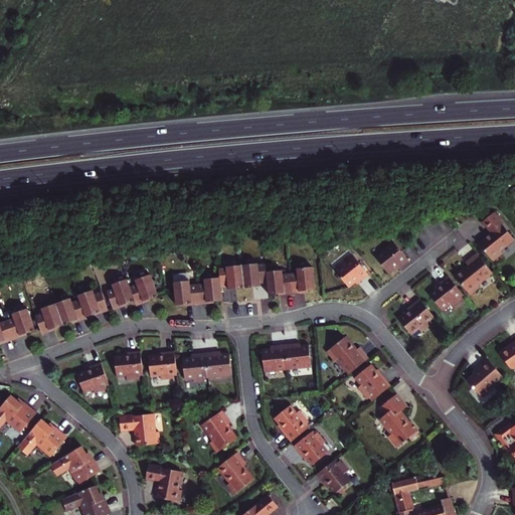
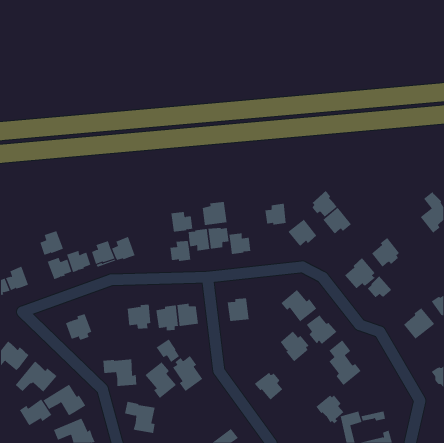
building: none -> [312,190,338,218]
building: none -> [202,201,227,226]
building: [455,251,493,295] -> none
building: [289,267,314,292] -> [265,203,286,225]
building: [172,282,198,306] -> [171,211,193,232]
building: [34,303,62,332] -> [39,230,64,256]
building: none -> [367,275,392,298]
building: [286,343,312,370] -> none
building: [113,351,141,380] -> none
building: none -> [156,339,180,363]
building: [275,404,309,441] -> [280,331,309,362]
building: [215,453,252,496] -> [145,361,177,399]
building: [318,459,351,493] -> [315,395,344,424]
building: none -> [19,399,52,426]

